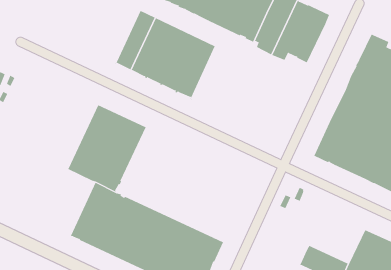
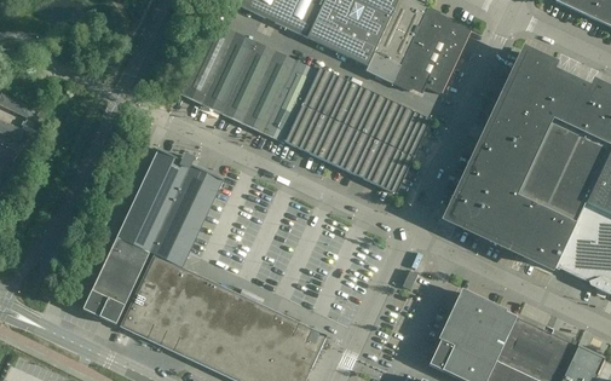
building: none -> [284,67,428,192]
building: none -> [82,236,149,324]
building: none -> [440,291,517,363]

